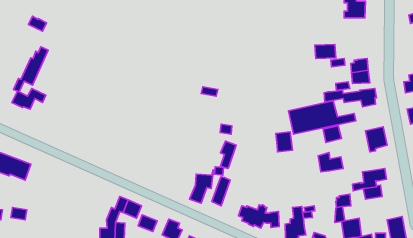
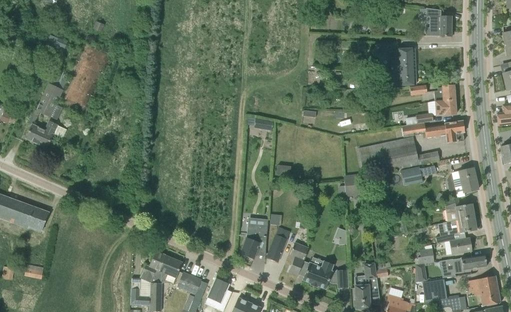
building: none -> [391,48,415,69]
building: [220,141,236,169] -> [289,243,308,276]
building: [318,153,343,172] -> [445,198,475,221]
building: none -> [453,254,487,273]

